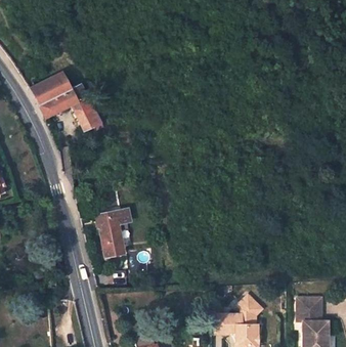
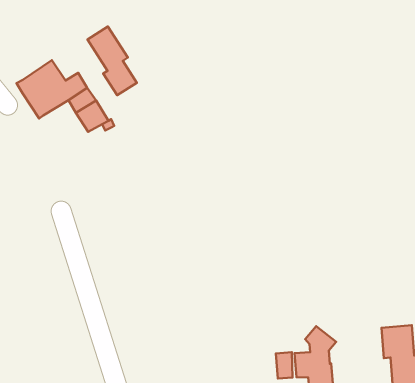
building: none -> [88,26,137,95]
building: [100,209,132,257] -> none

